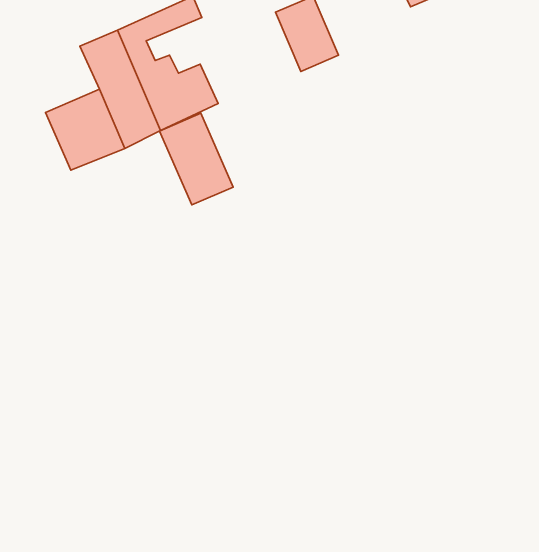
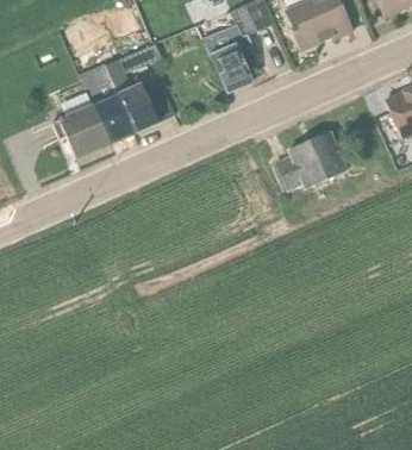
building: [160,113,233,205] -> none
building: none -> [276,131,348,199]

